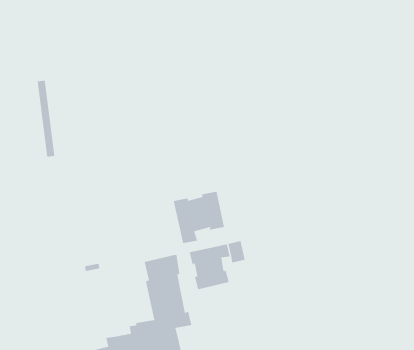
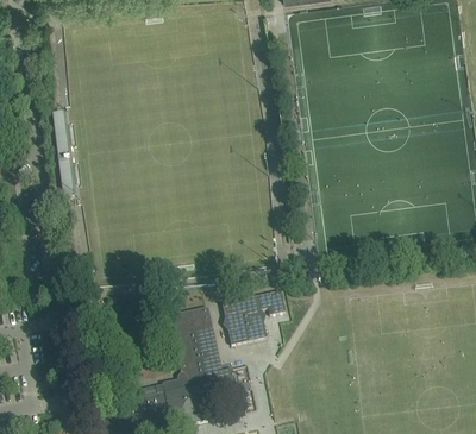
building: [173,191,225,244] -> none

